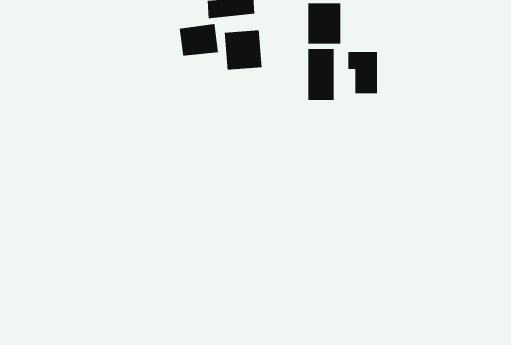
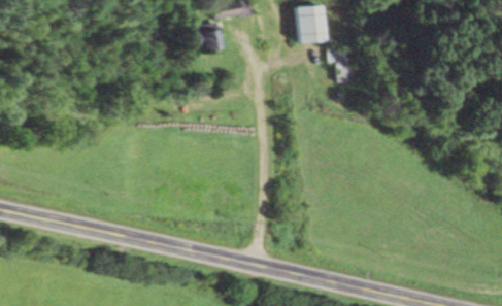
building: [224,29,262,70] -> none
building: [308,48,334,101] -> none

